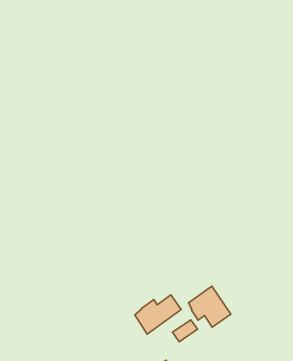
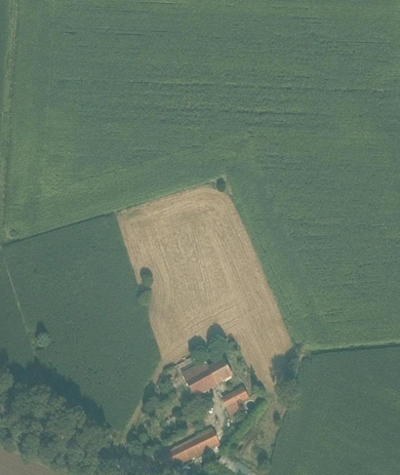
building: [188,286,231,327] -> none

